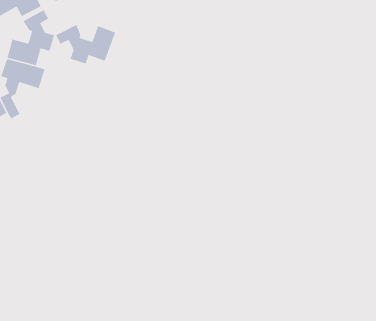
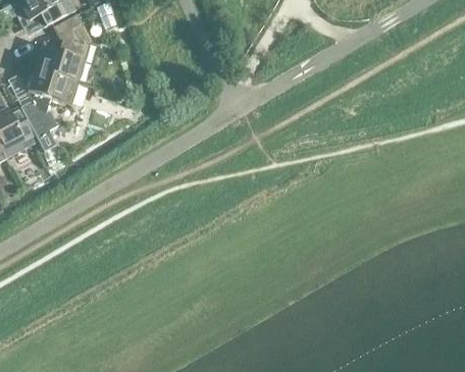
building: [55,24,116,65] -> none

